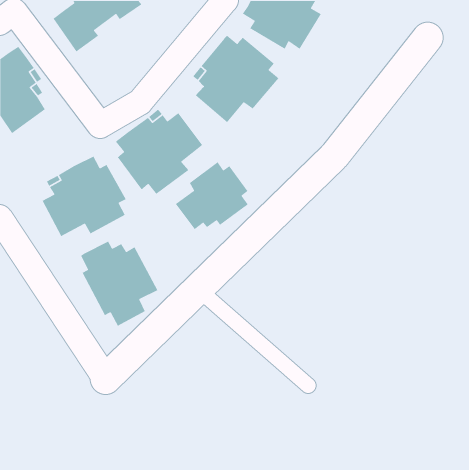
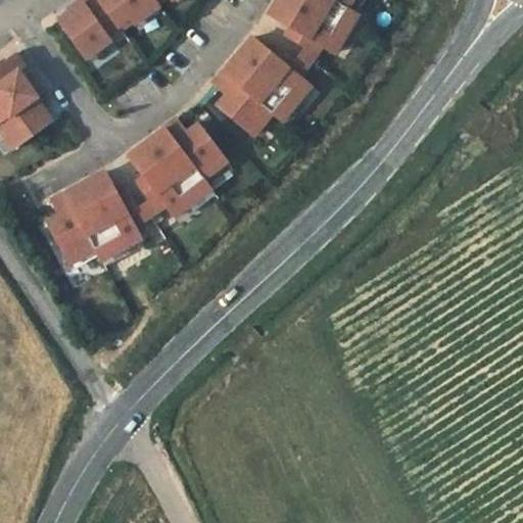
building: [175,161,249,230] -> none
building: [80,240,159,327] -> none

